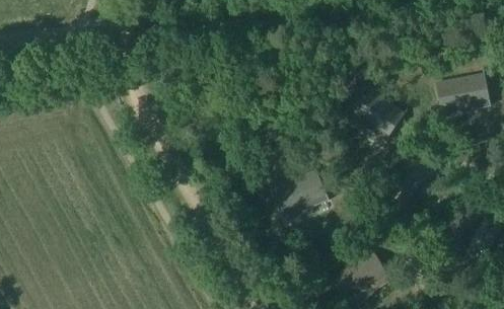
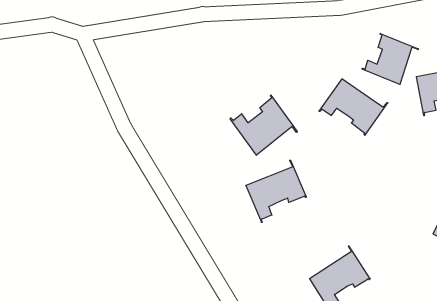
building: none -> [362,33,418,85]
building: none -> [230,95,297,155]

